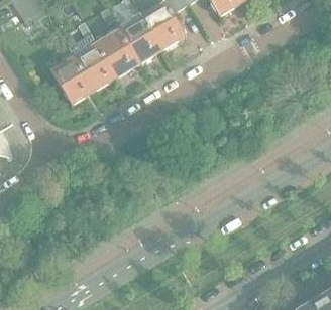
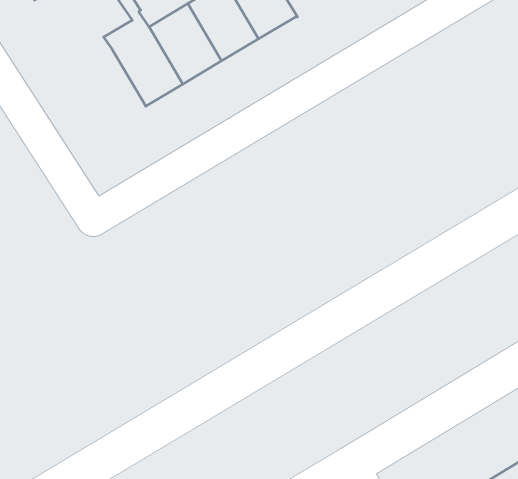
building: [50,52,95,102] -> none

